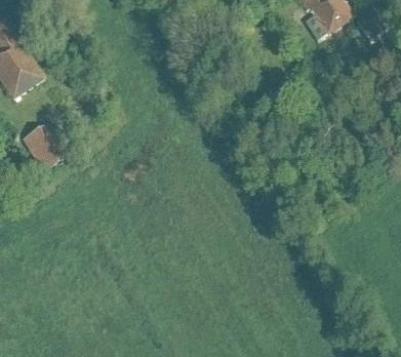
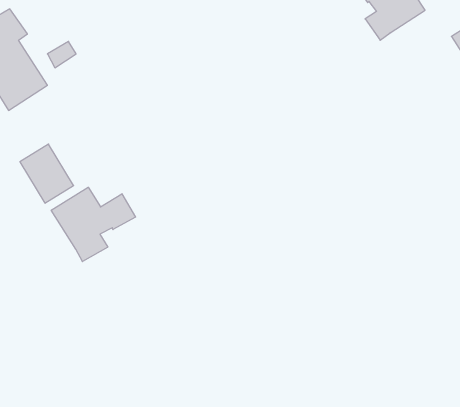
building: none -> [51,187,136,262]

